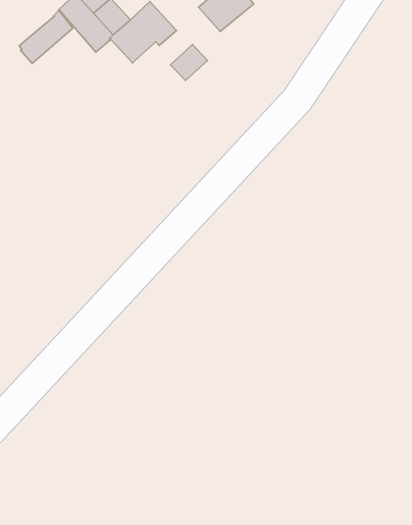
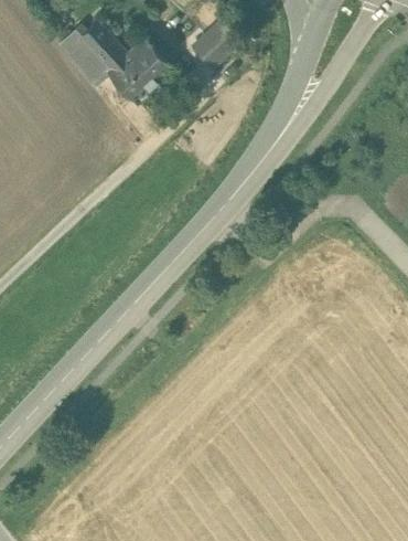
building: [19,10,73,63] -> none
building: [170,45,208,81] -> none

